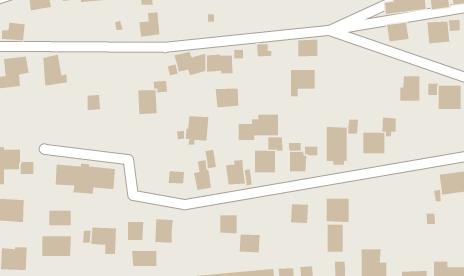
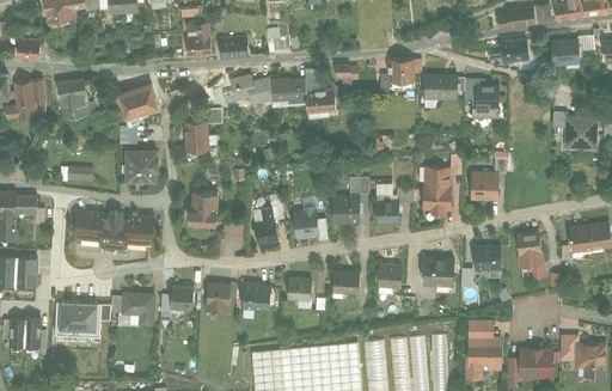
building: none -> [220,32,247,54]
building: none -> [116,80,159,123]
building: [290,70,316,97] -> [423,71,455,105]
building: [400,76,420,101] -> [473,83,500,115]
building: [215,88,239,108] -> [304,85,335,110]
building: none -> [123,148,157,183]
building: [238,114,279,141] -> none
building: [185,116,209,145] -> [185,193,216,230]
building: none -> [514,231,545,280]
building: none -> [473,245,500,270]
building: [49,210,71,226] -> none
building: none -> [240,282,269,313]
building: [327,224,343,253] -> none
building: [239,234,261,253] -> [331,271,359,295]
building: [132,250,157,267] -> none

